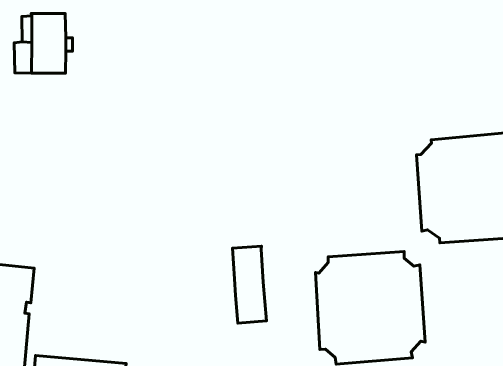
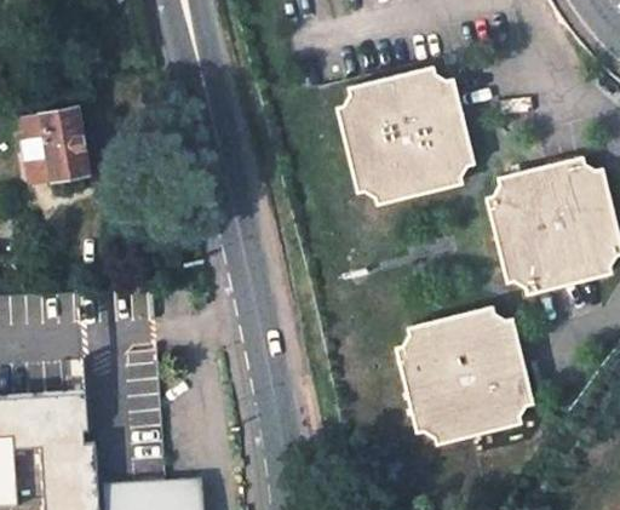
building: none -> [340,67,473,201]
building: [233,246,267,323] -> none

